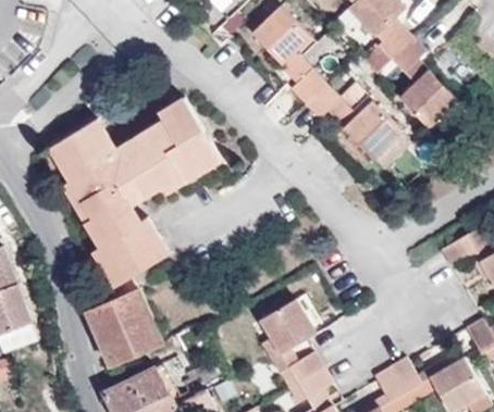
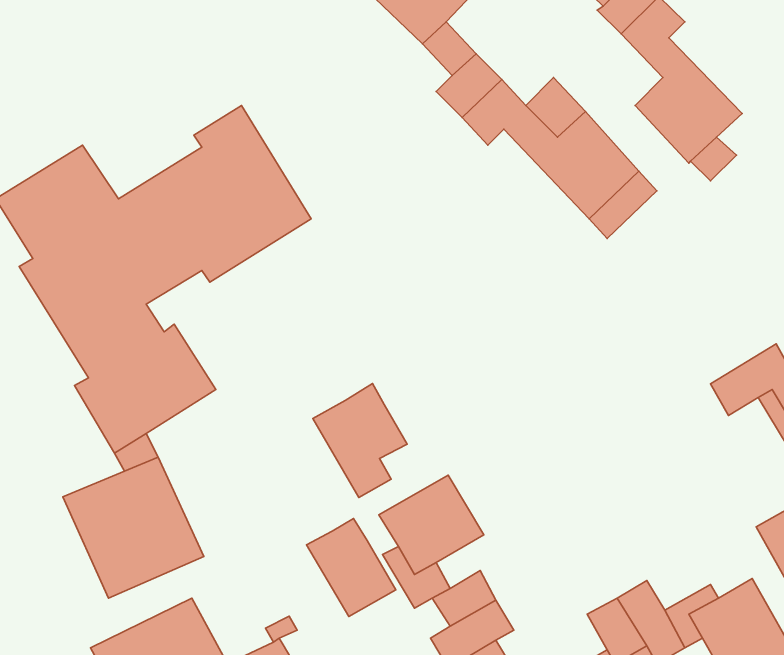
building: none -> [313,384,407,497]
building: none -> [307,519,396,616]

